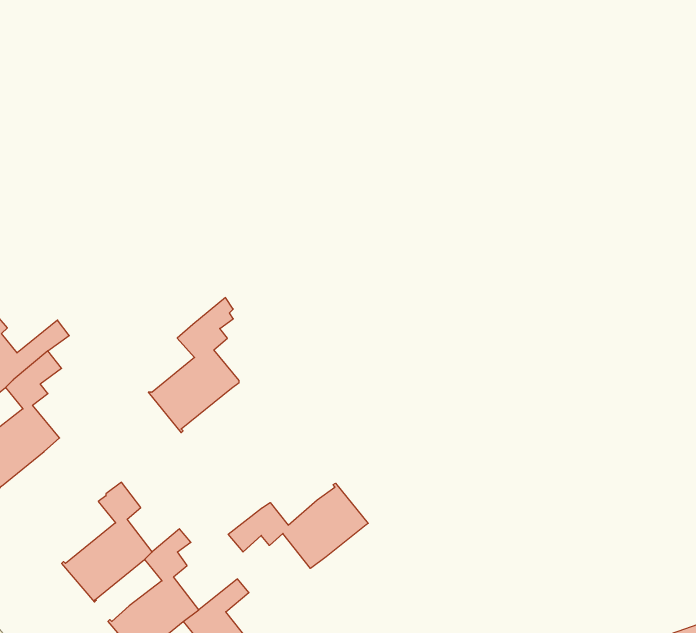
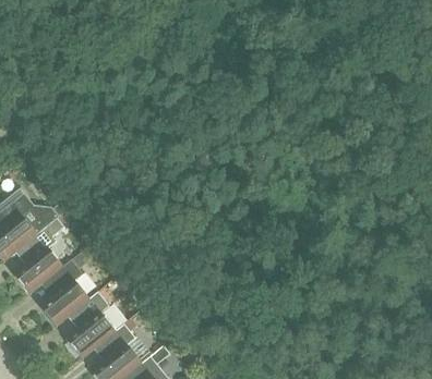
building: [148,298,239,433] -> [38,252,89,328]
building: [228,483,368,568] -> none

